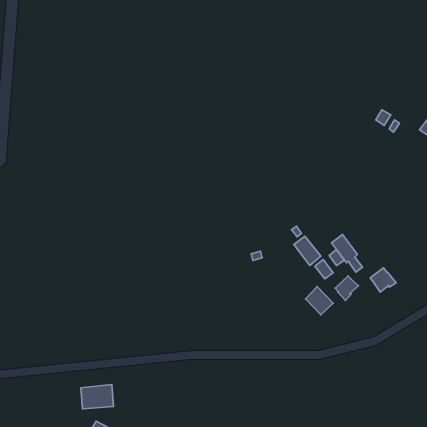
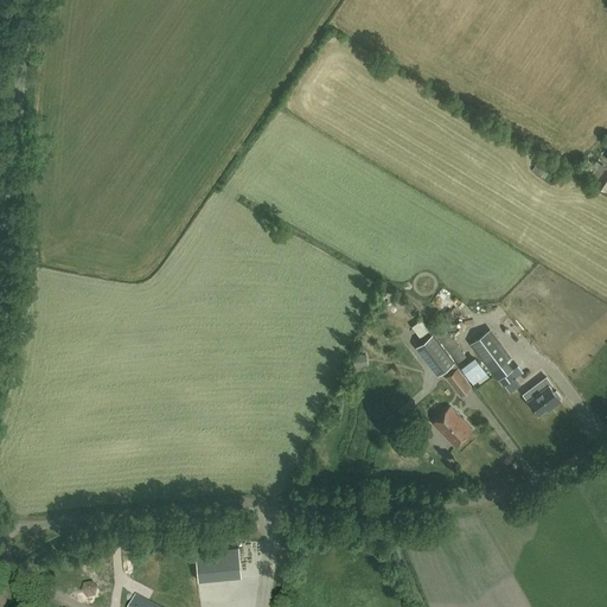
building: [335,276,358,300] -> none
building: [81,385,114,409] -> [197,548,243,582]

